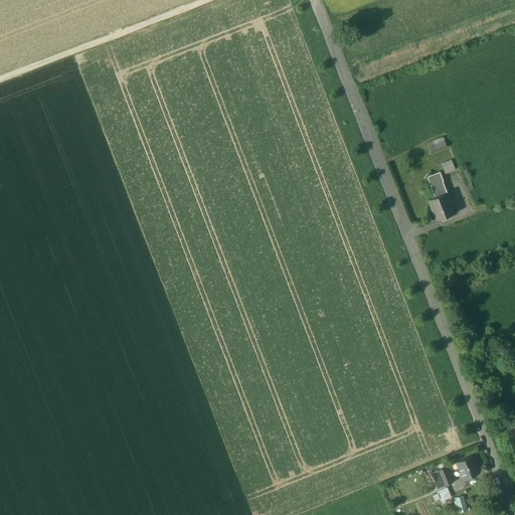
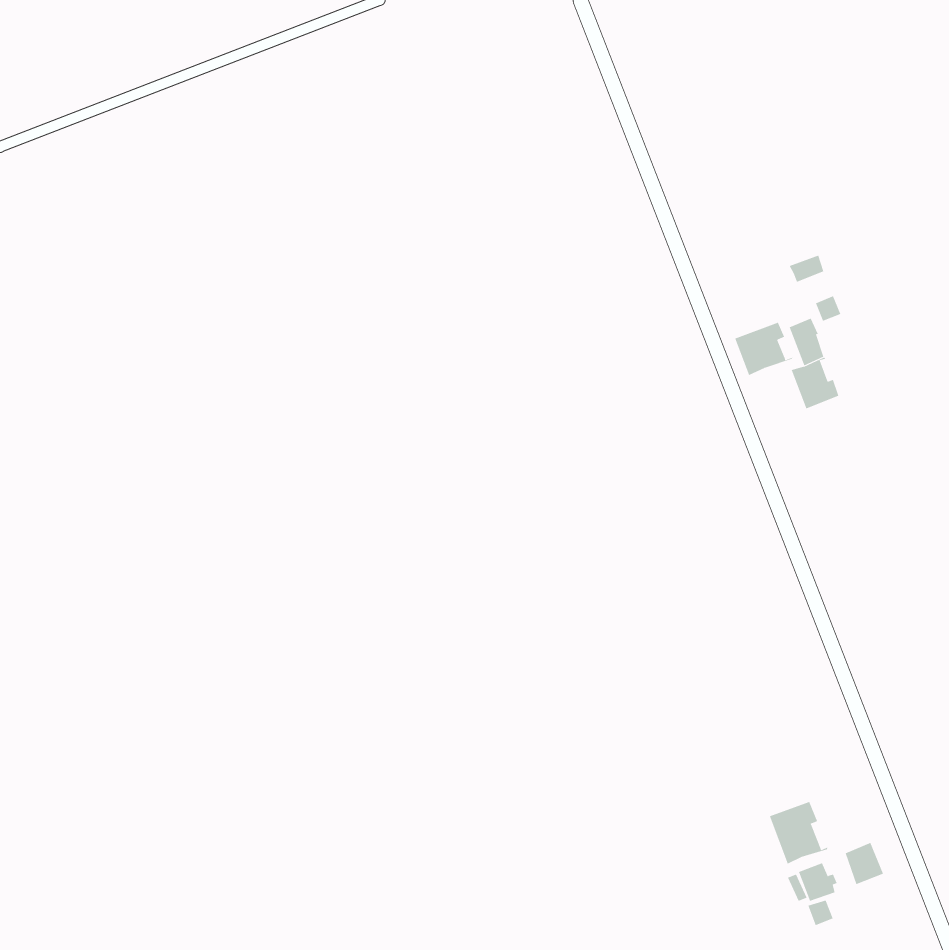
building: none -> [734,322,793,376]
building: none -> [769,801,828,865]

